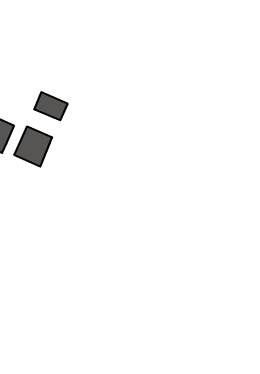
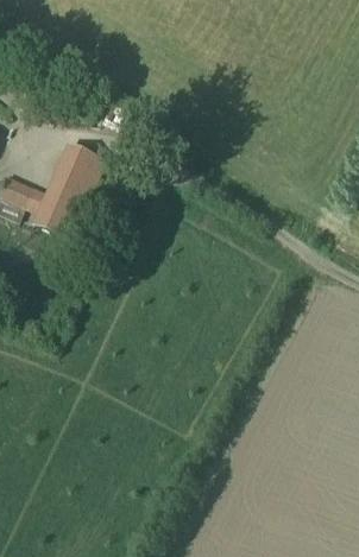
building: none -> [51,165,95,202]

